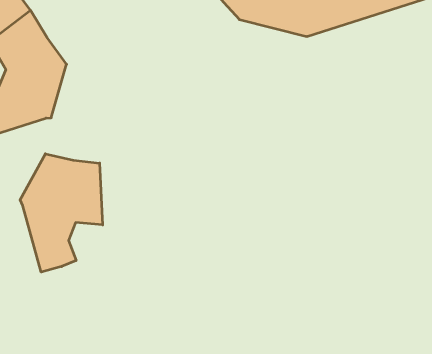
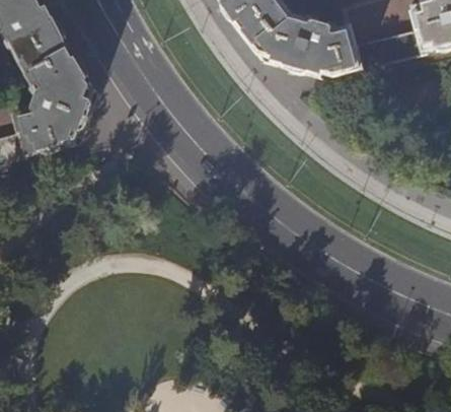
building: [20,154,103,272] -> none

